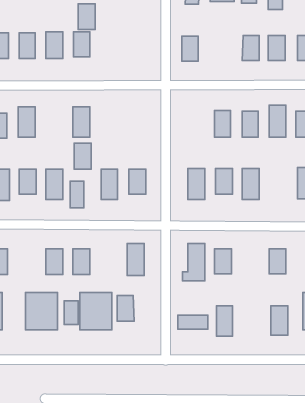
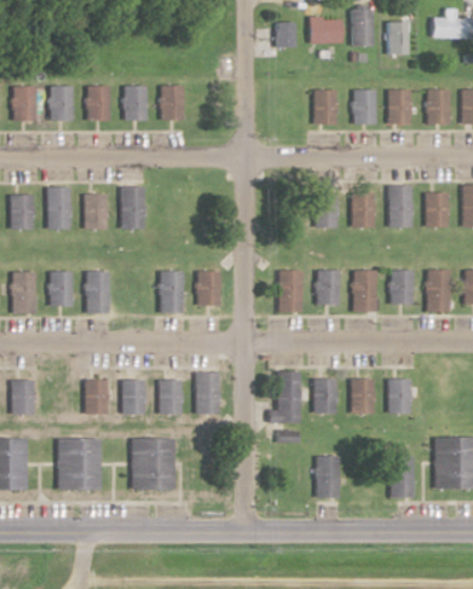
building: [78,4,95,30] -> [160,85,183,120]
building: [182,36,198,61] -> [313,89,335,123]
building: [74,143,91,169] -> [85,194,108,229]
building: none -> [391,268,413,305]
building: [70,181,84,208] -> none
building: none -> [351,379,375,412]
building: [117,295,134,321] -> [160,379,183,414]
building: [64,301,78,325] -> none
building: [178,315,208,329] -> none

